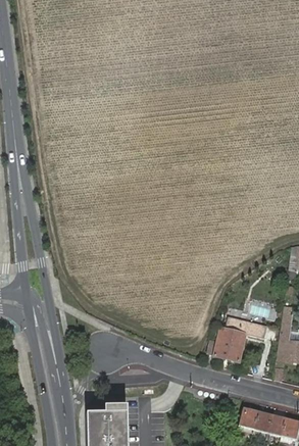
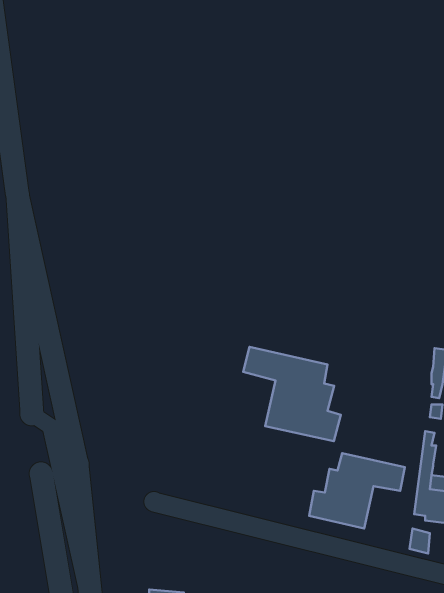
building: none -> [243,347,341,441]

